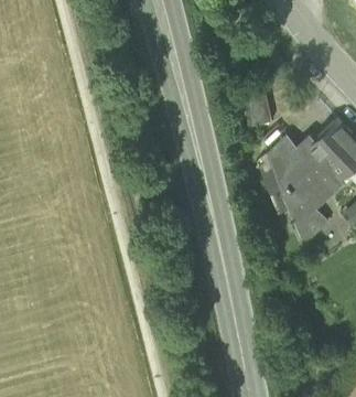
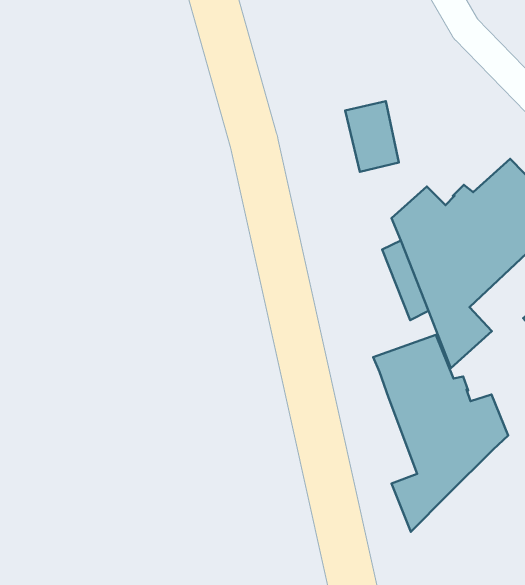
building: none -> [373,335,508,532]

